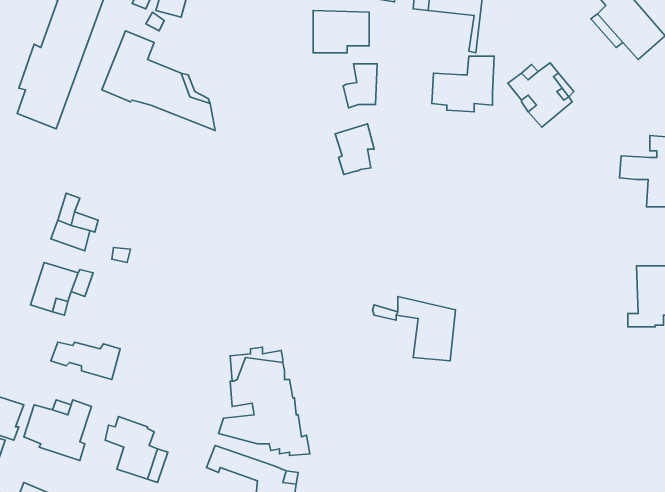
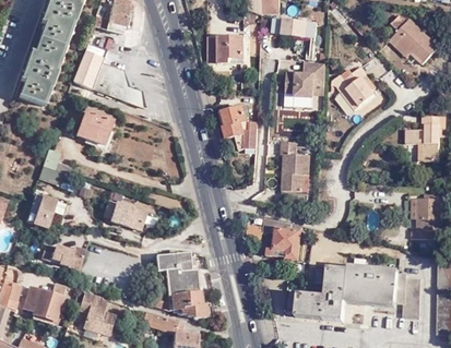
building: [343,64,377,108] -> [236,121,258,149]
building: none -> [73,111,110,146]
building: none -> [278,141,309,191]
building: none -> [100,201,144,230]
building: none -> [293,267,418,324]

